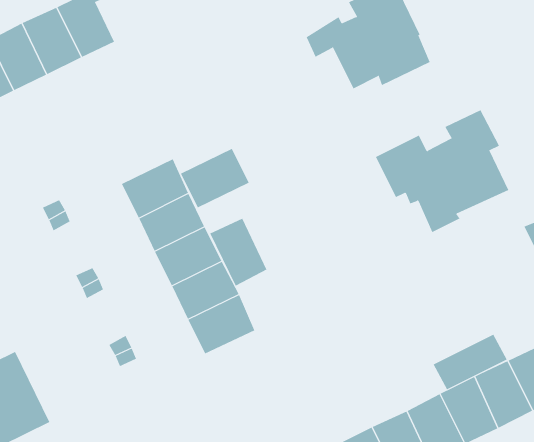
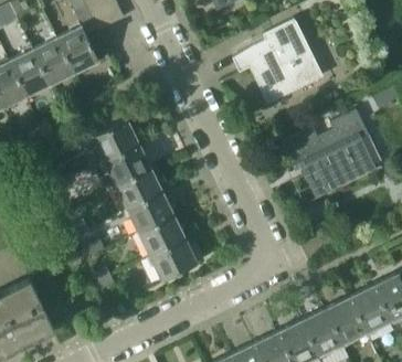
building: [180,148,249,208] -> [92,120,140,162]
building: [210,218,267,286] -> none
building: [433,334,508,390] -> none

